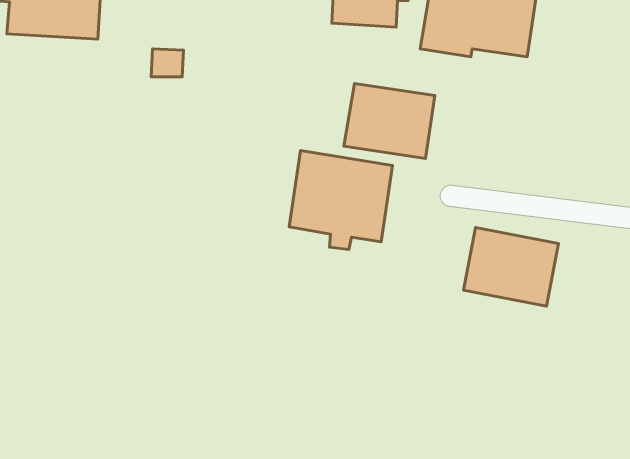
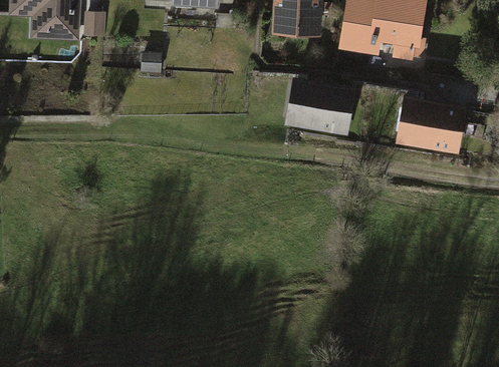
building: [289,151,392,250] -> none
building: [463,227,558,306] -> [391,93,462,152]

